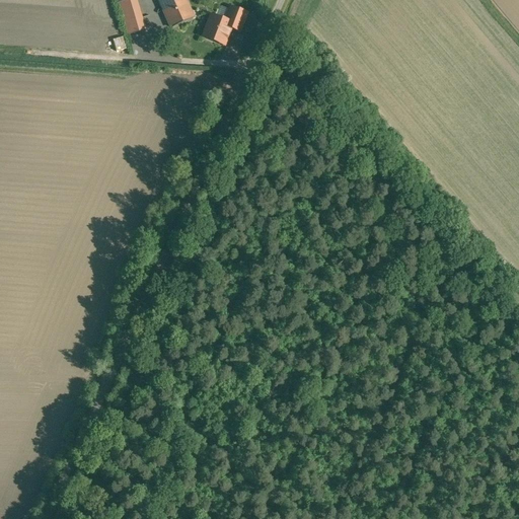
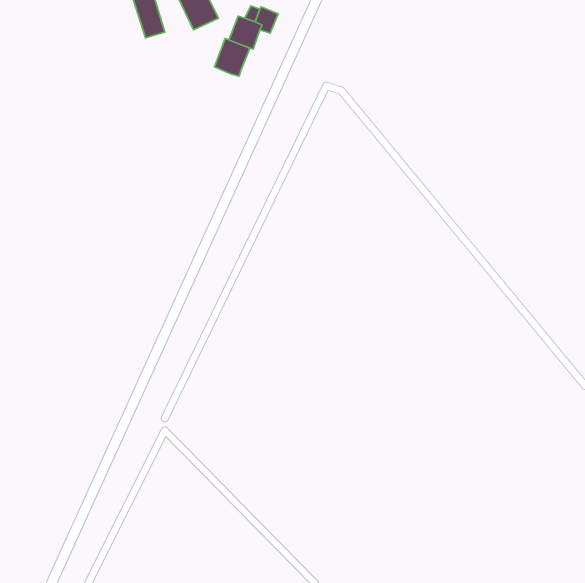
building: none -> [214,39,250,76]

